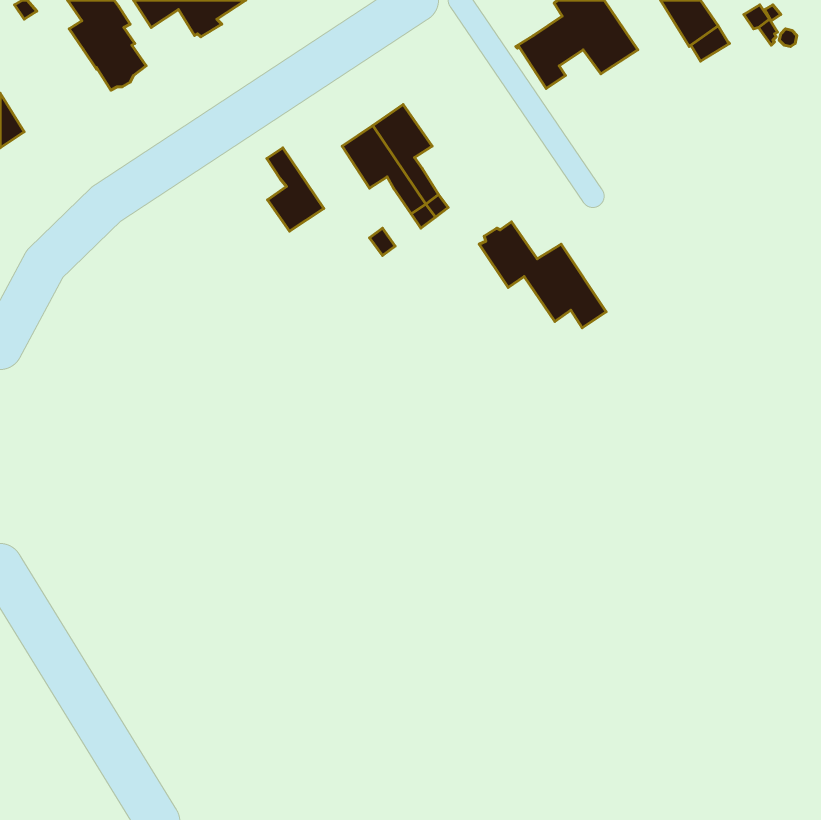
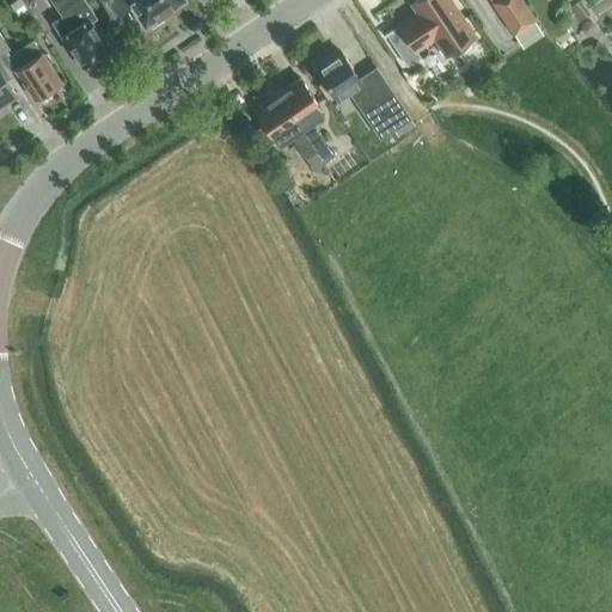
building: none -> [8,39,61,100]
building: [267,148,324,231] -> none
building: [479,222,606,328] -> [316,51,410,130]

